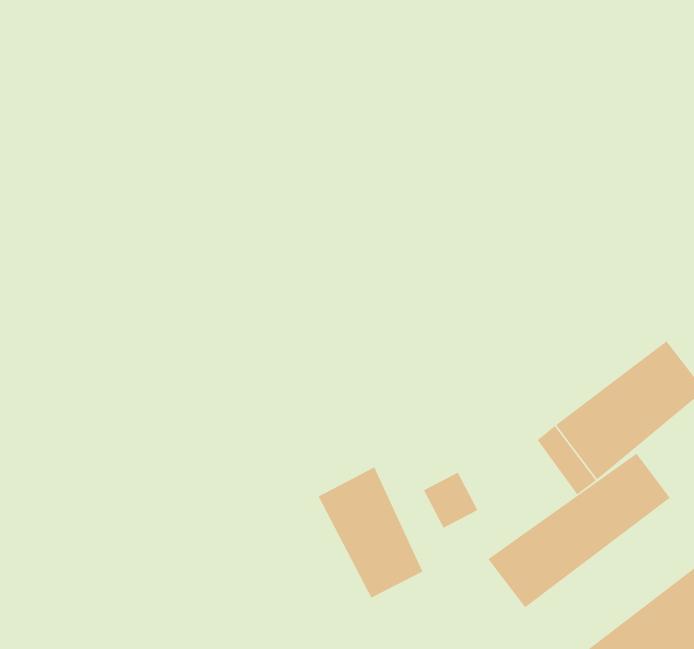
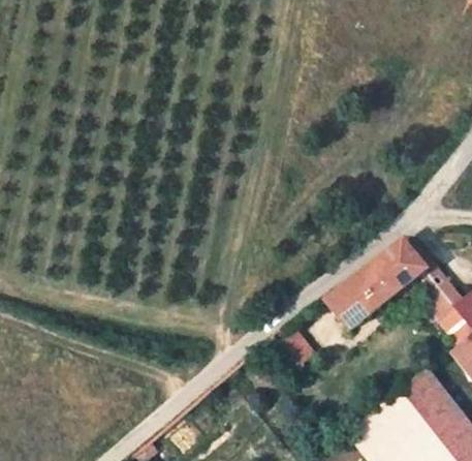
building: [488,453,670,608] -> none
building: [318,467,423,599] -> none

